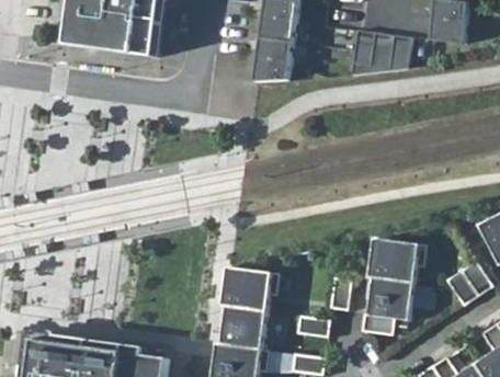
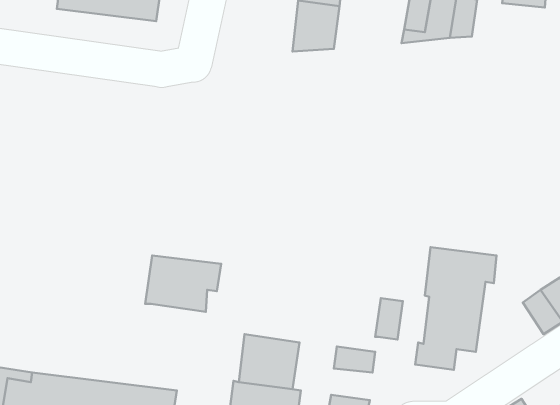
building: [219,266,280,311] -> [145,255,221,312]

